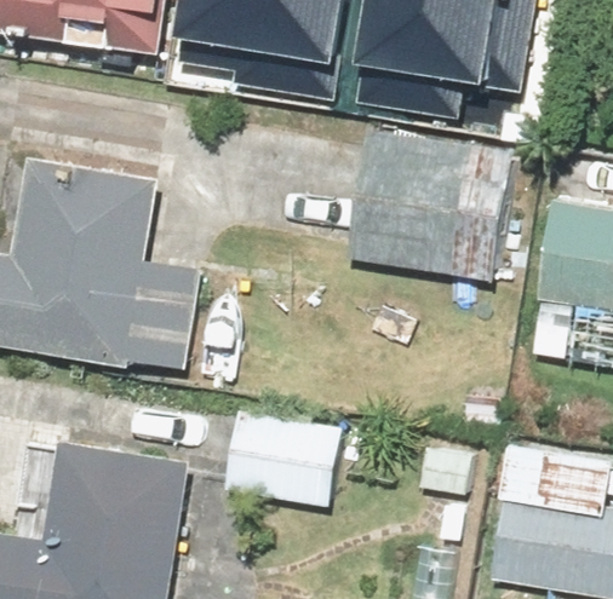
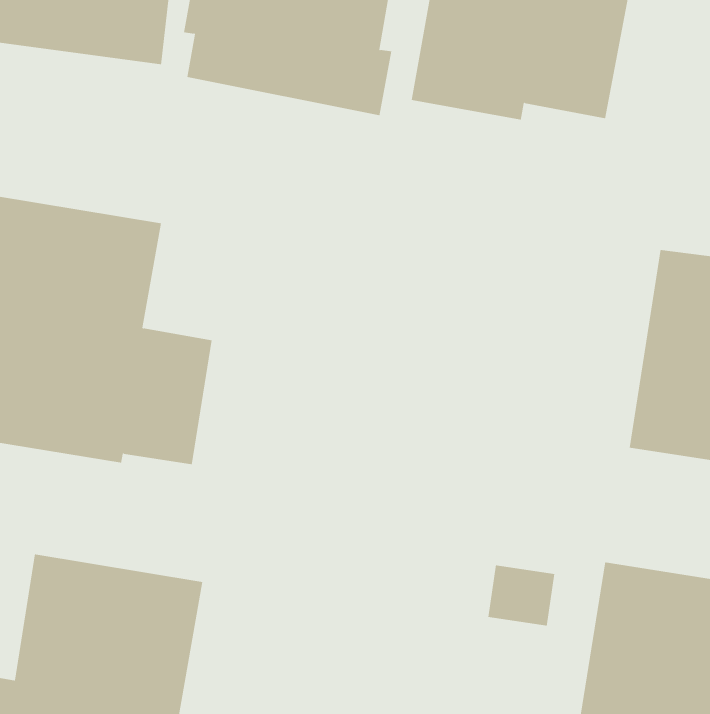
building: [348,127,514,282] -> none
building: [223,410,342,507] -> none

